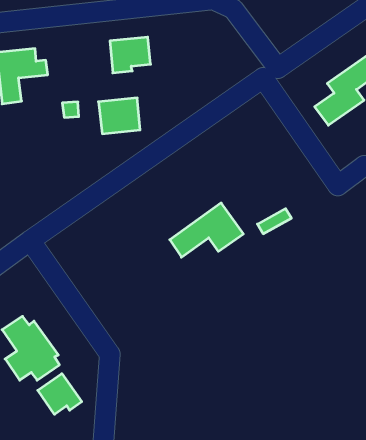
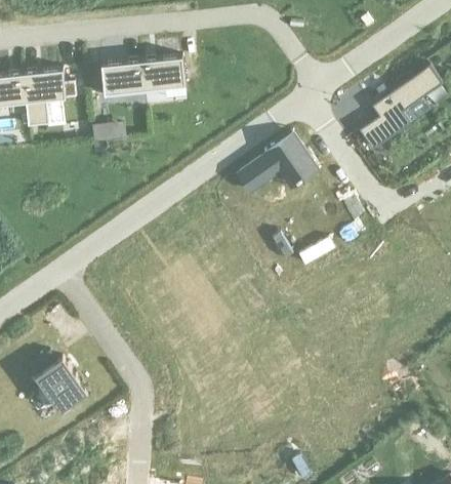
building: [98,98,140,134] -> [100,60,145,98]
building: [170,203,243,257] -> [238,134,316,192]
building: [38,374,82,414] -> none

